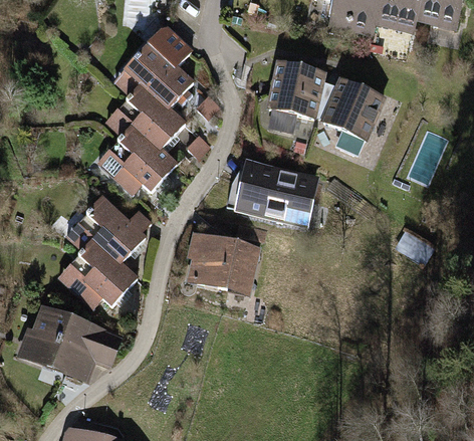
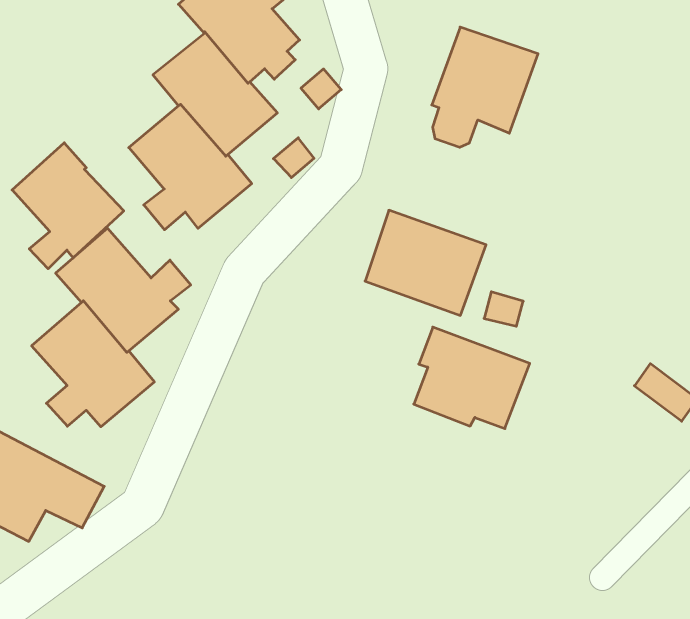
building: [323,78,383,153] -> none
building: none -> [12,143,124,269]
building: [195,236,255,287] -> [414,327,530,429]

